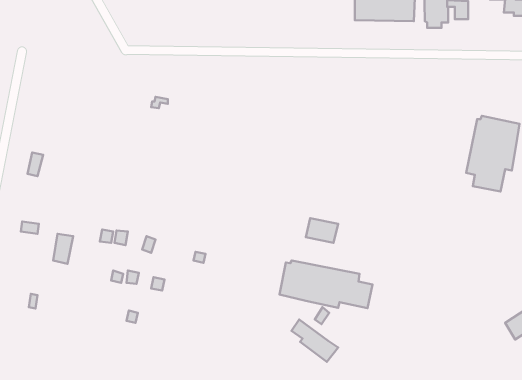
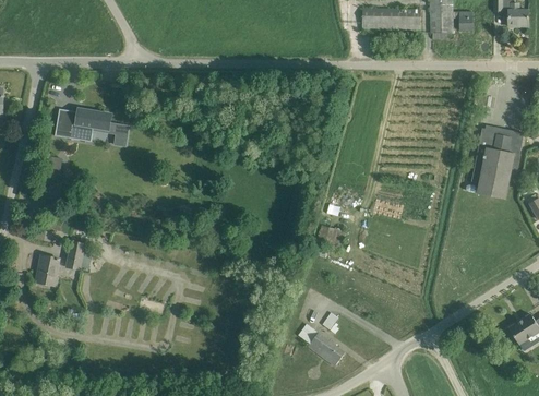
building: none -> [55,108,128,145]
building: none -> [35,254,59,285]
building: [280,261,373,308] -> none

